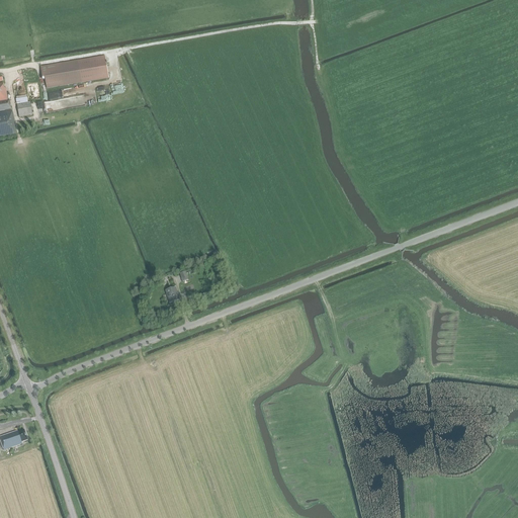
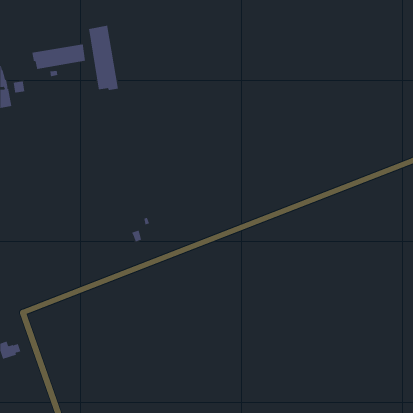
building: none -> [88,25,118,91]

